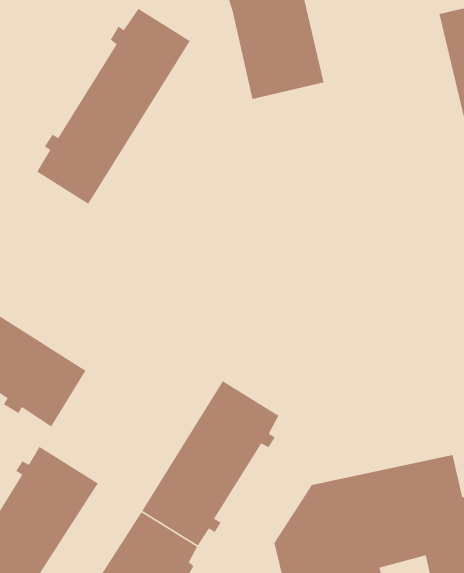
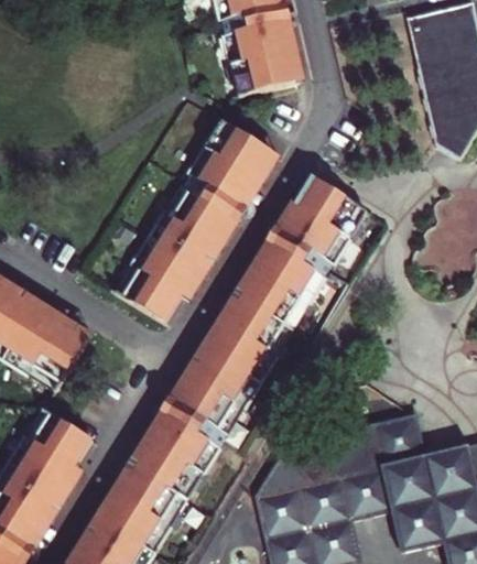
building: [36,8,191,205] -> none
building: none -> [116,118,278,323]
building: none -> [210,176,368,379]

